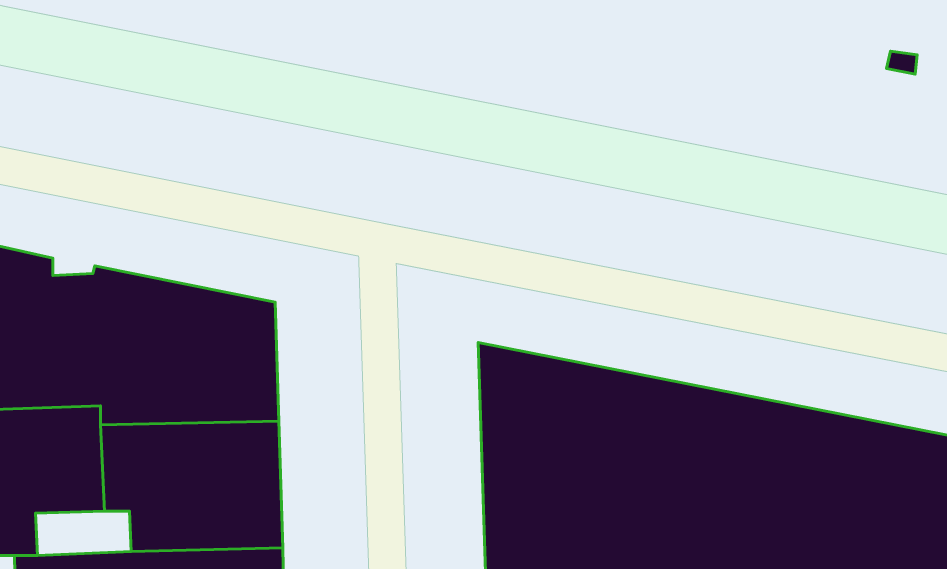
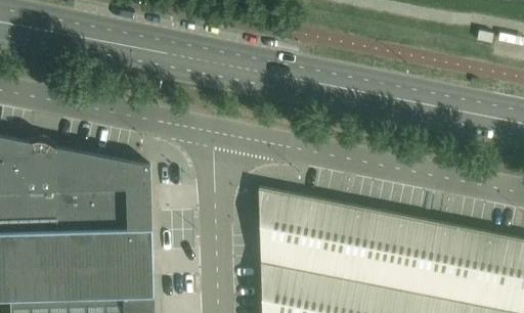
building: none -> [21,278,73,302]

